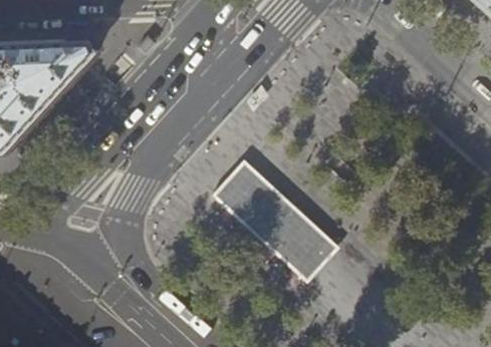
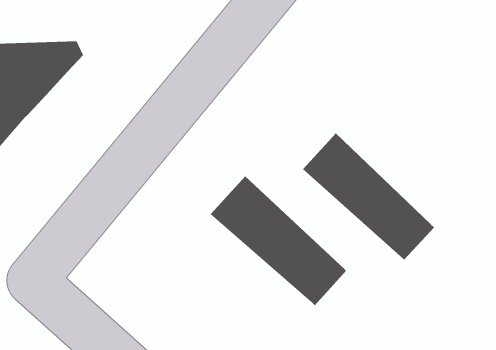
building: none -> [302,132,435,261]

